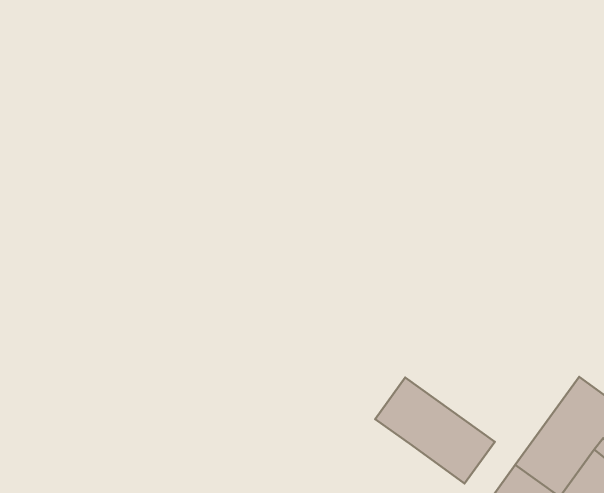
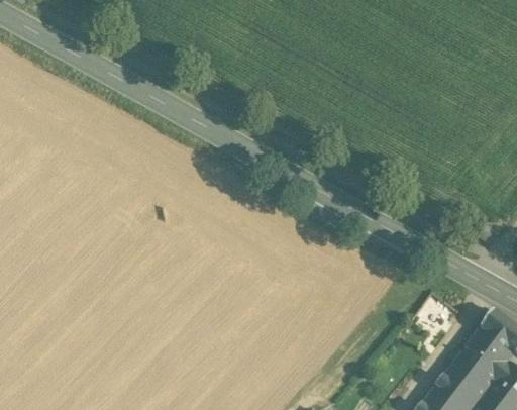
building: [375,377,495,483] -> none

